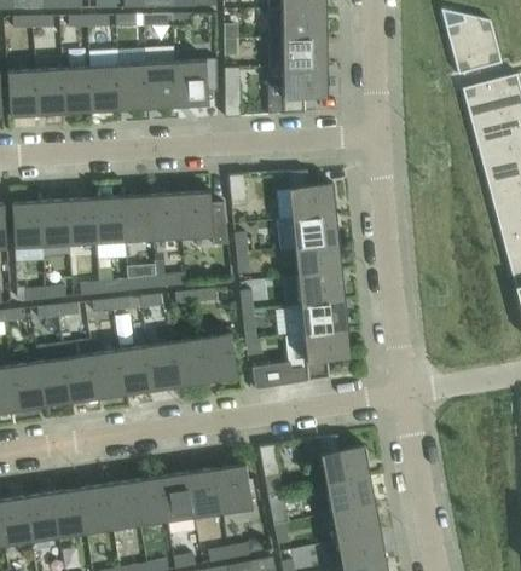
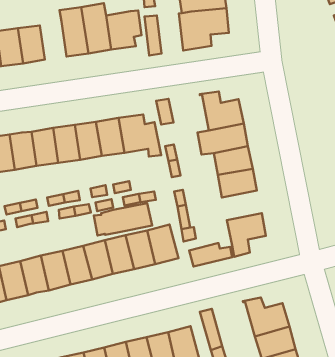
building: [89,50,121,110] -> none
building: [276,300,348,335] -> [94,203,152,235]

